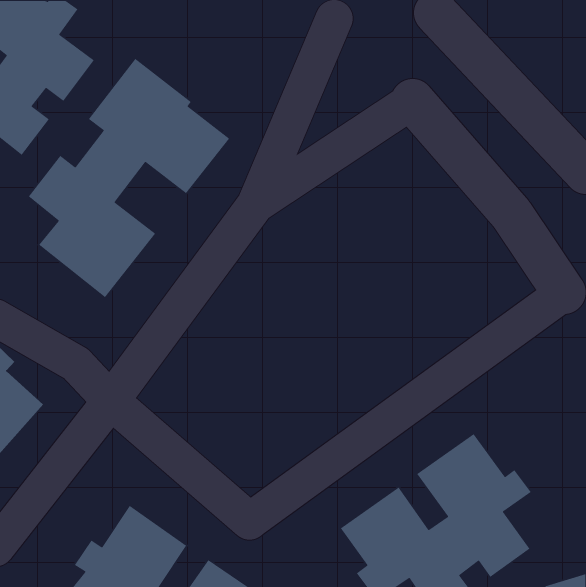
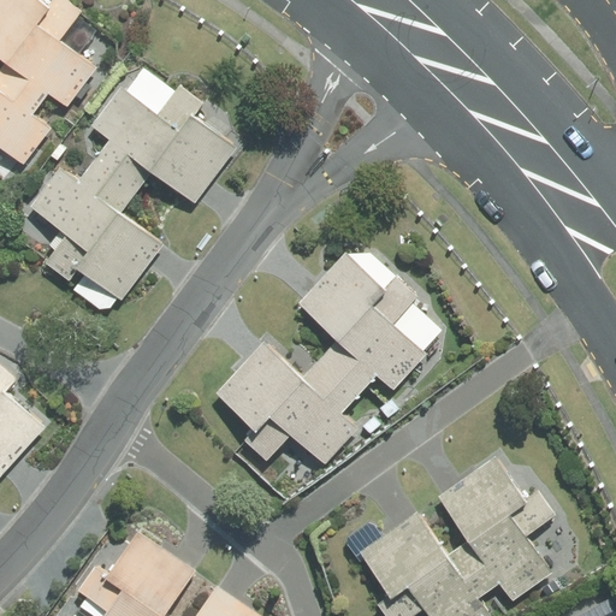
building: none -> [213,244,443,479]

